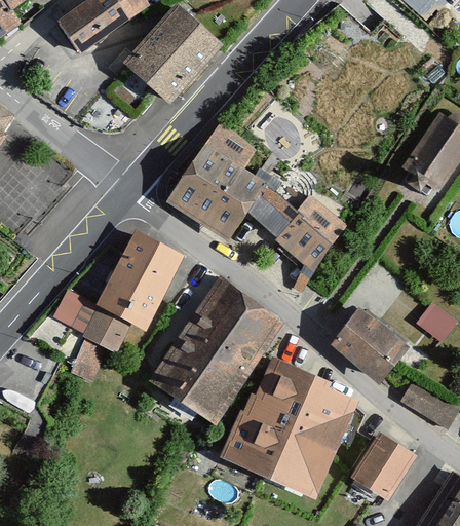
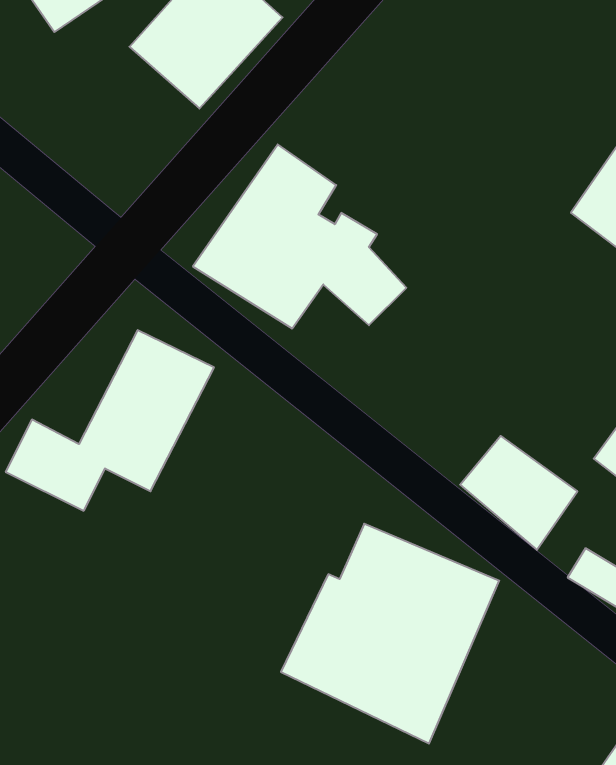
building: [276,199,344,288] -> none
building: [145,285,279,433] -> none
building: [352,430,416,497] -> none

